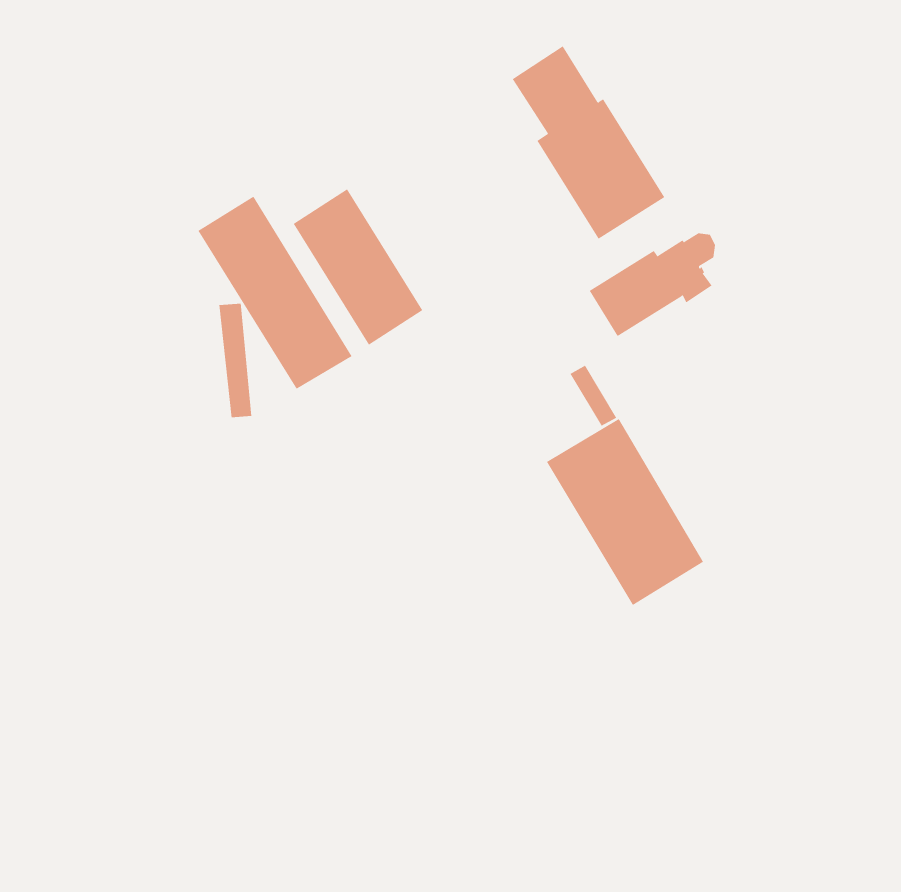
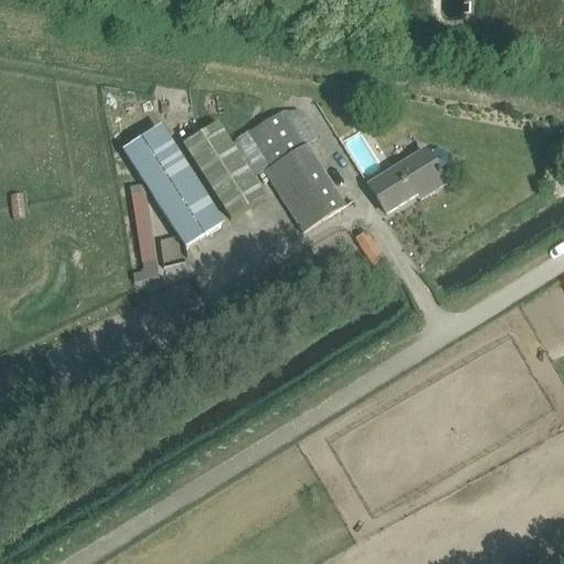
building: [512,46,665,239] -> [249,108,345,229]
building: [546,418,704,606] -> none

